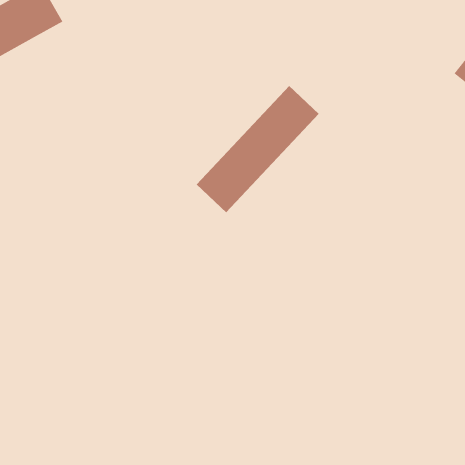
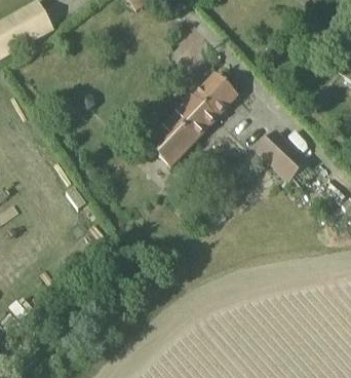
building: none -> [257,131,307,182]

